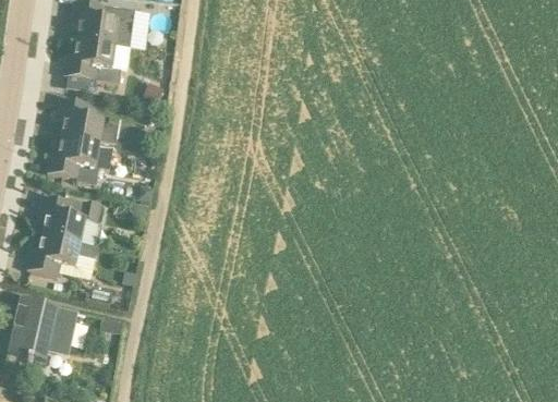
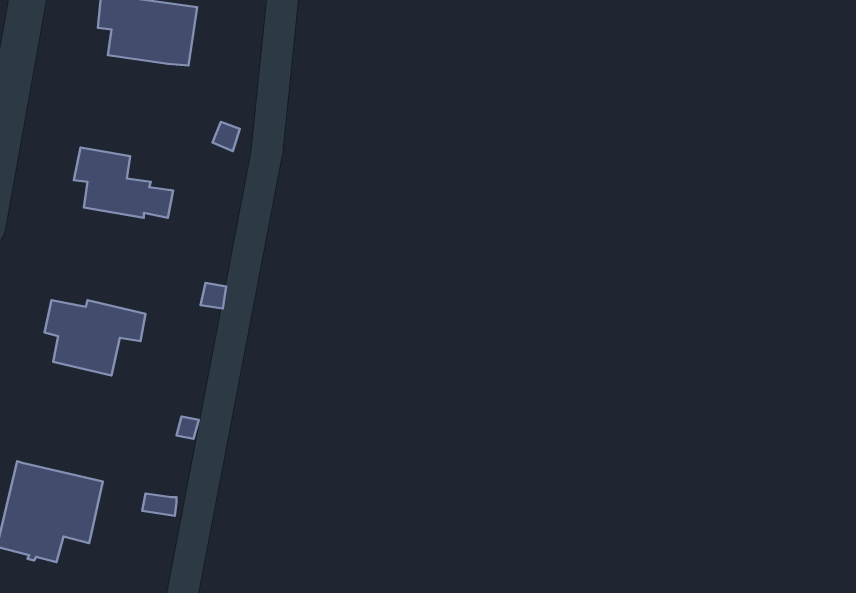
building: [63,39,121,83] -> none
building: [47,136,100,180] -> none
building: [26,234,97,276] -> none

